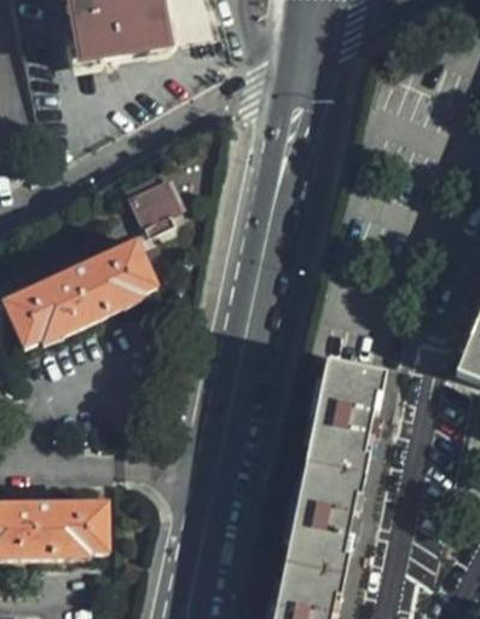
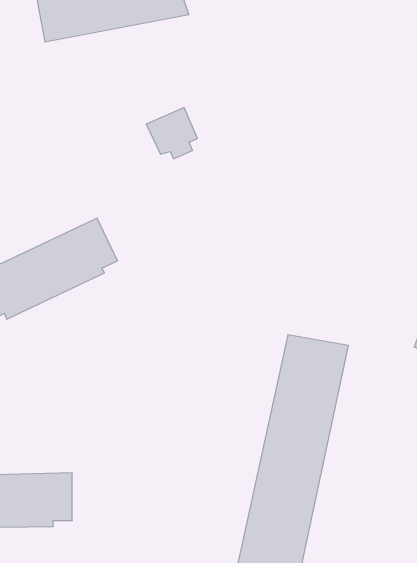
building: [126,181,178,233] -> [146,108,197,159]

